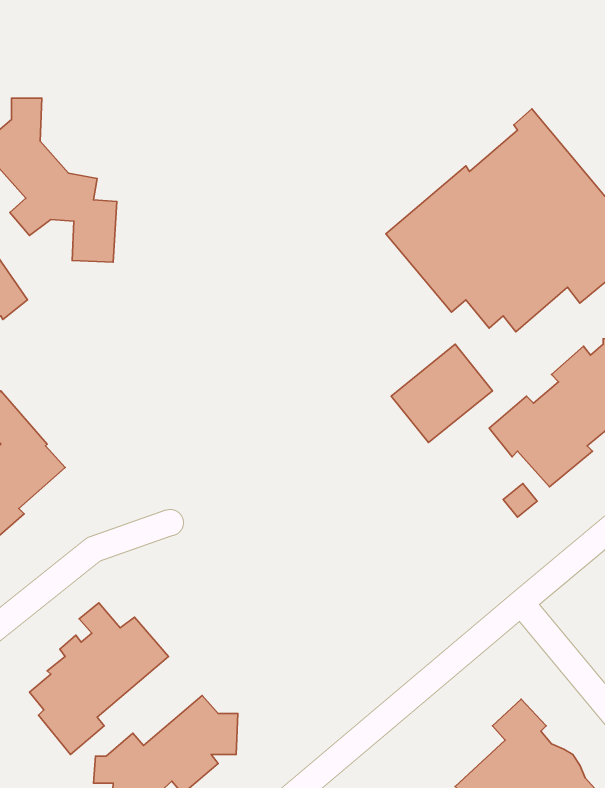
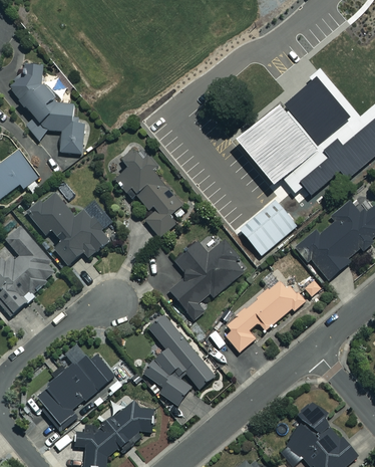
building: none -> [114,147,189,237]
building: none -> [28,192,116,265]
building: none -> [169,238,244,320]
building: none -> [225,271,306,352]
building: none -> [142,315,214,404]

